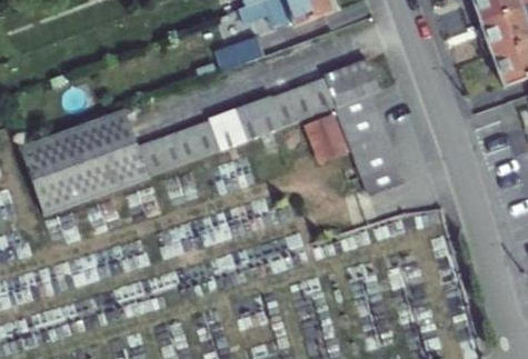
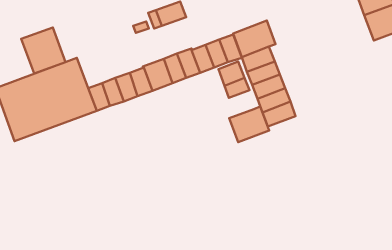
building: none -> [21,27,66,74]
building: none -> [229,107,269,142]

